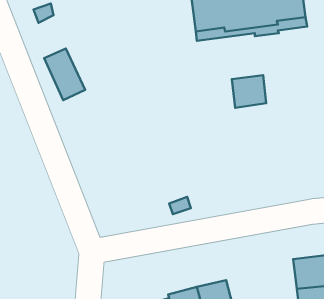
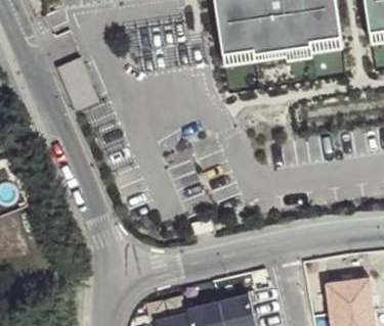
building: [232,75,266,108] -> none

